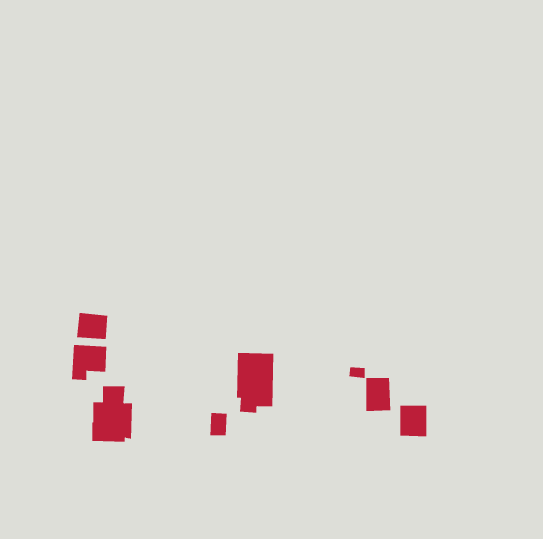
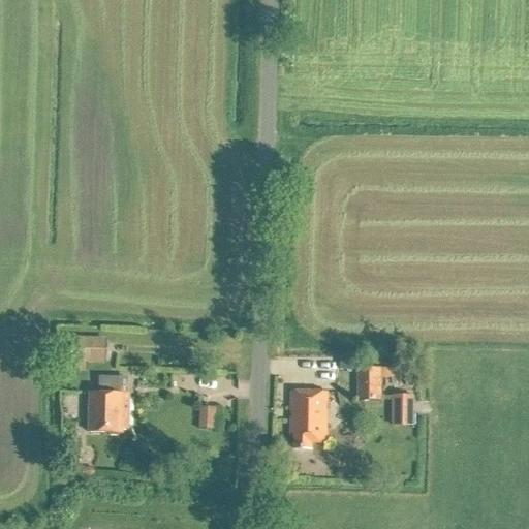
building: [77,312,108,340] -> none
building: [236,352,274,413] -> [290,388,328,447]

